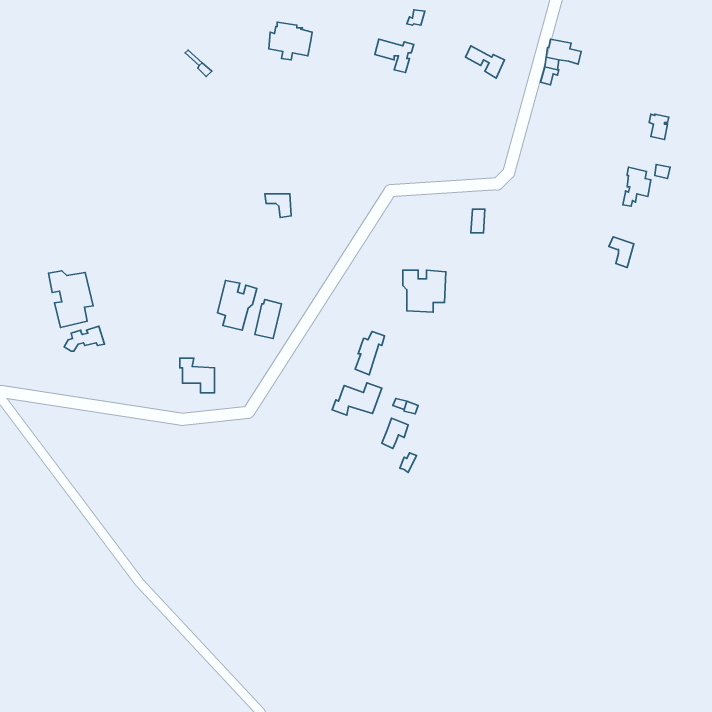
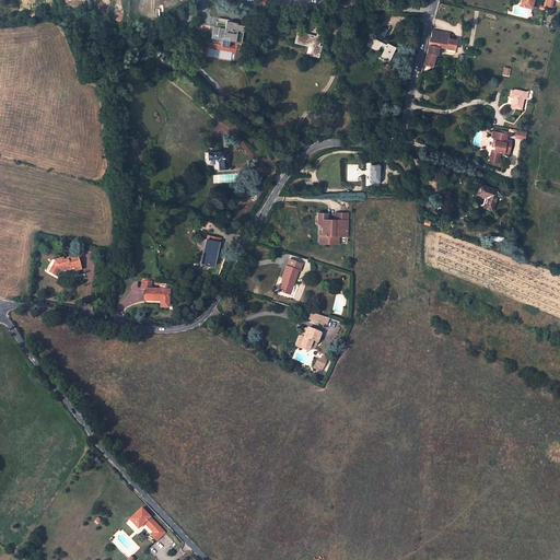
building: [48,271,93,327] -> none
building: [218,280,257,330] -> none
building: [332,383,382,415] -> none
building: none -> [128,508,164,540]

